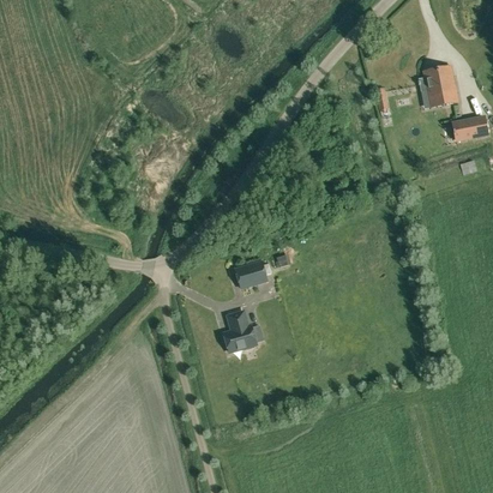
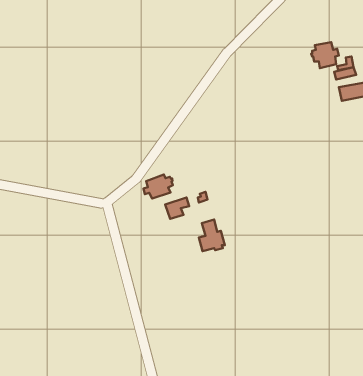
building: none -> [144,175,173,198]
building: [226,311,258,350] -> [199,219,225,251]

